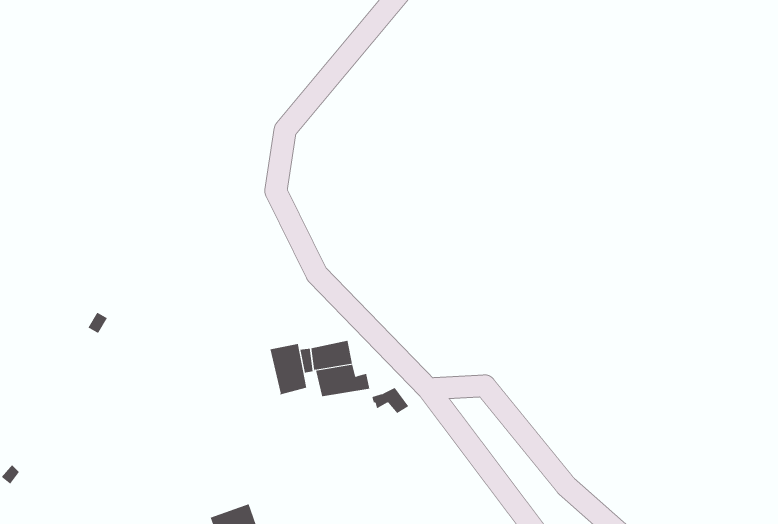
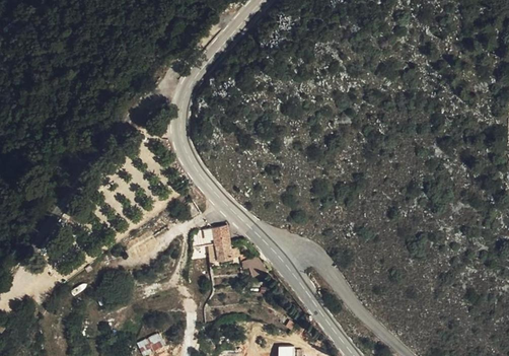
building: [270,343,307,395] -> none

